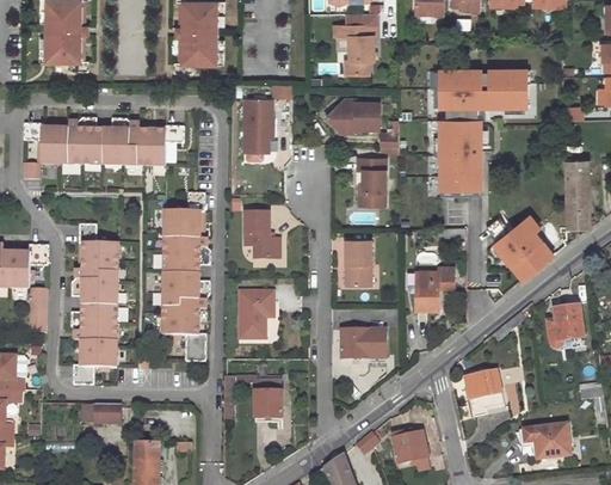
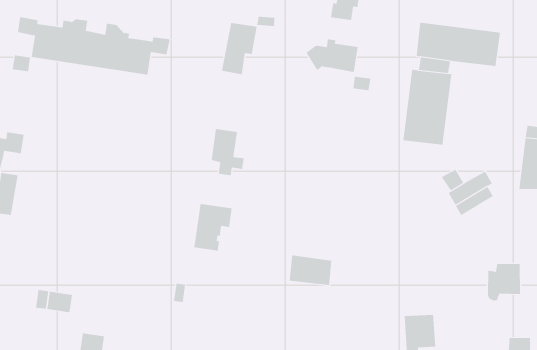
building: [356,160,384,207] -> none
building: [165,191,210,361] -> none
building: [72,223,118,385] -> none
building: [510,239,553,278] -> none
building: [344,241,369,288] -> none
building: [408,268,452,309] -> none
building: [255,389,280,428] -> none

